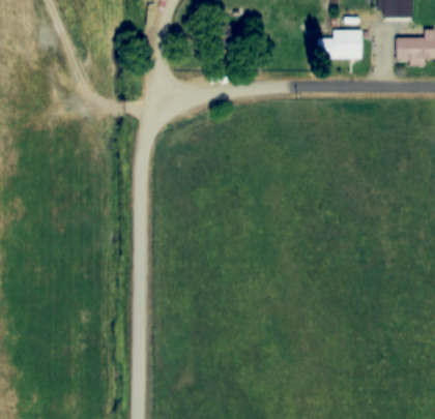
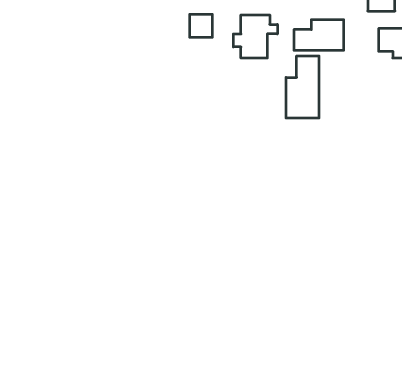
building: none -> [233,15,277,58]
building: none -> [286,56,319,118]

